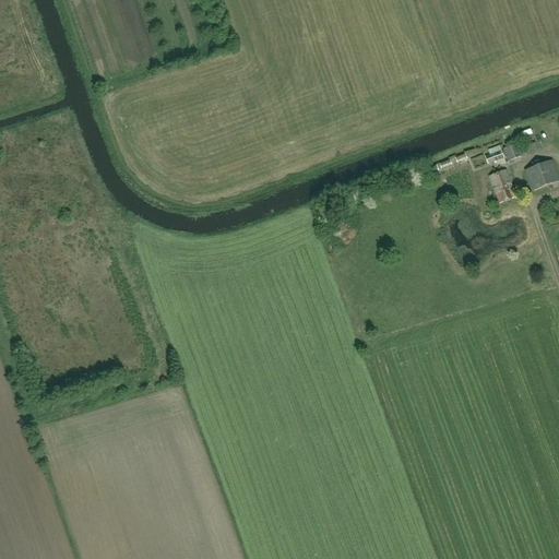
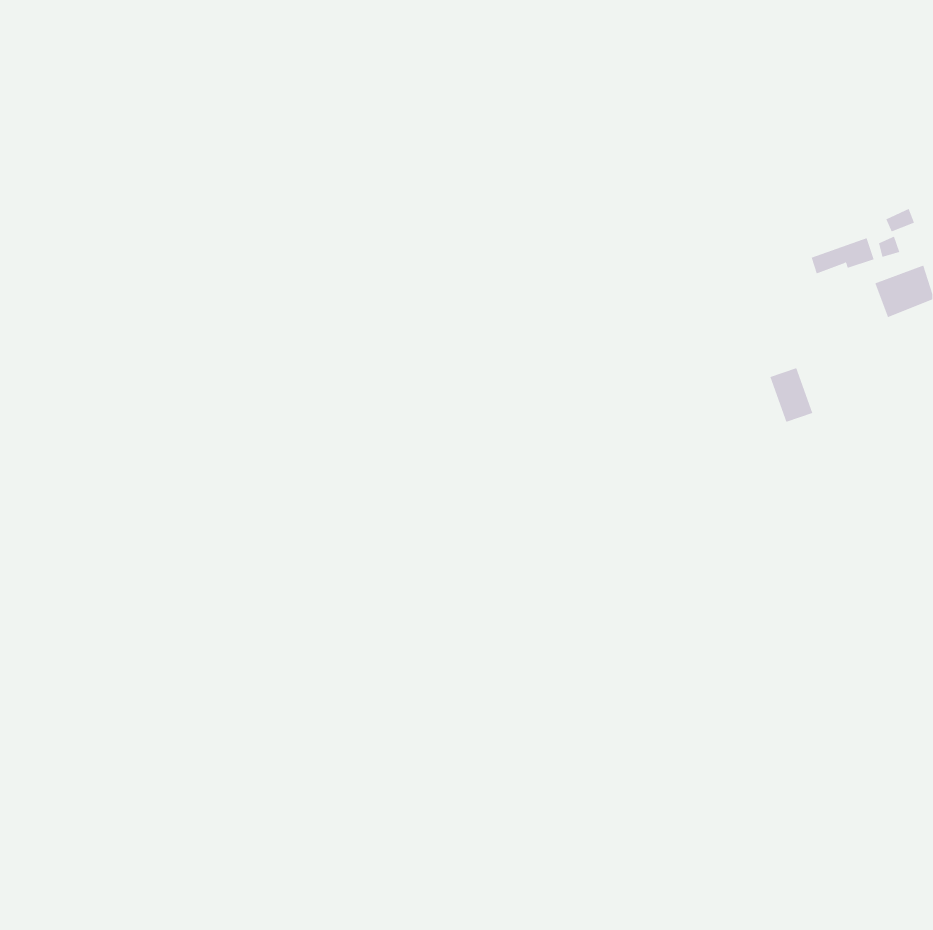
building: [489,169,515,202] -> [769,368,813,422]

